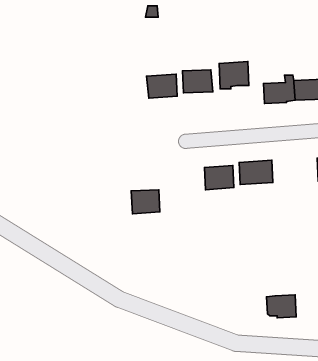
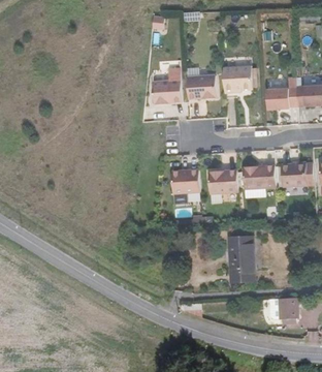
building: none -> [281,162,307,186]
building: [131,190,160,214] -> [171,169,199,193]
building: none -> [228,236,255,281]

